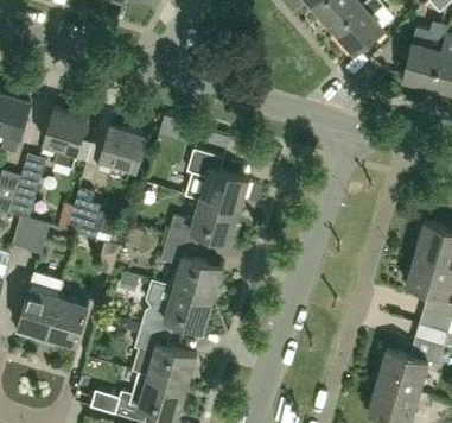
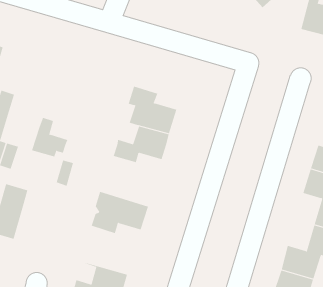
building: [43,108,85,169] -> none
building: [96,125,151,176] -> none
building: [151,238,222,301] -> none
building: [44,297,87,347] -> none
building: [123,322,196,386] -> none

